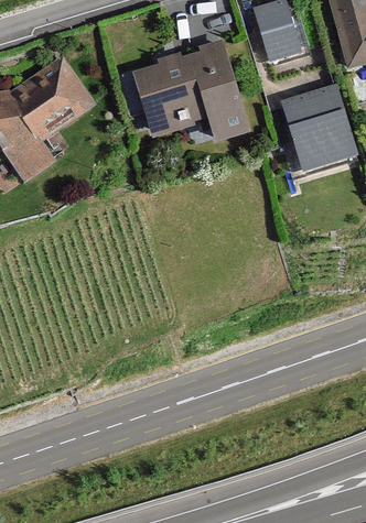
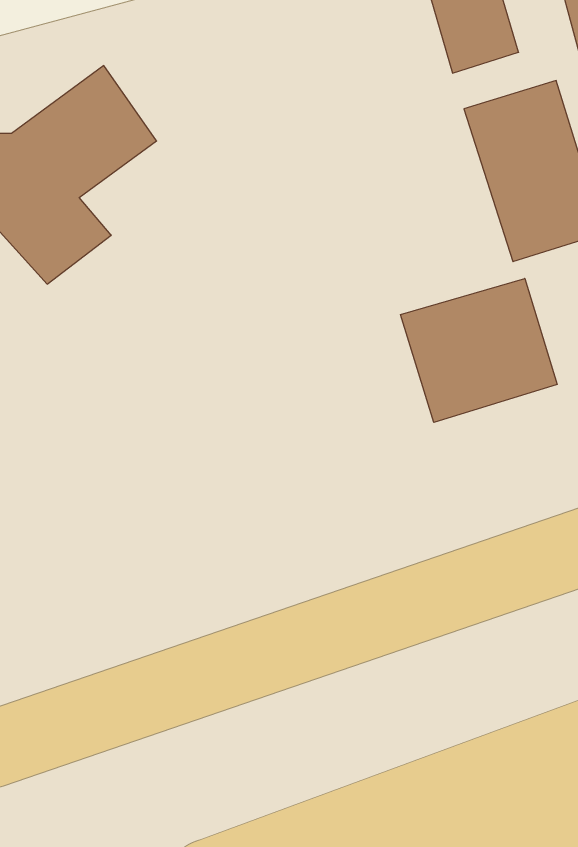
building: [133,43,258,150] -> none
building: none -> [400,278,557,422]

